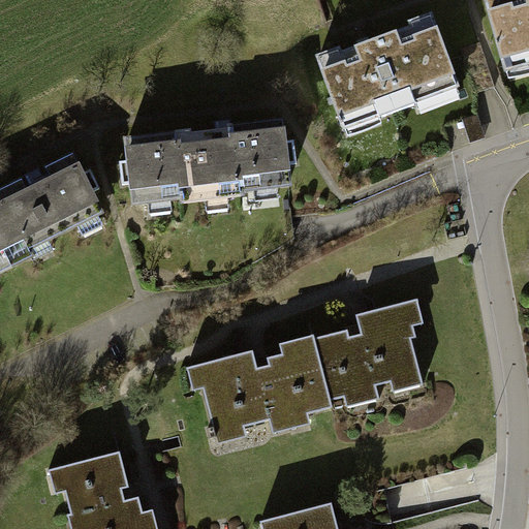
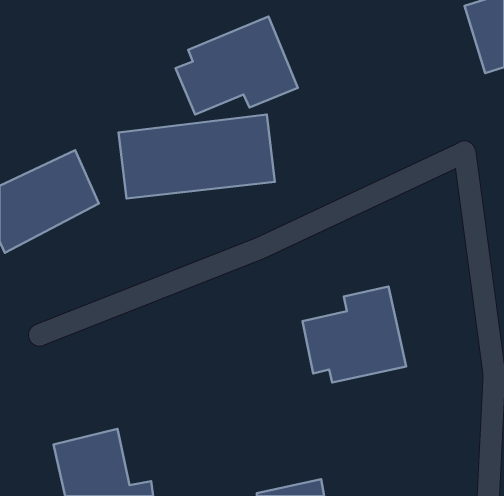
building: none -> [175,16,298,114]
building: [318,21,460,136] -> none
building: [194,336,331,442] -> none

